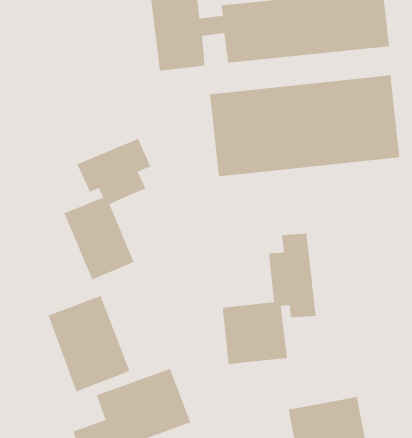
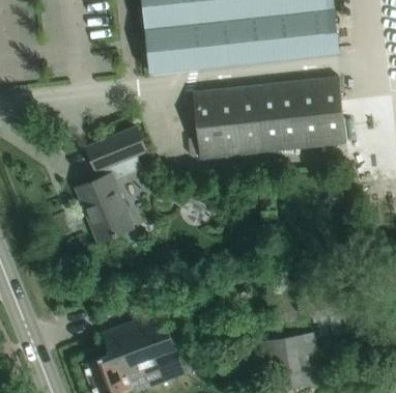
building: [222,233,316,365] -> none
building: [48,295,130,392] -> none

